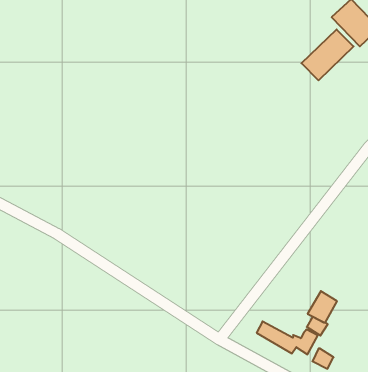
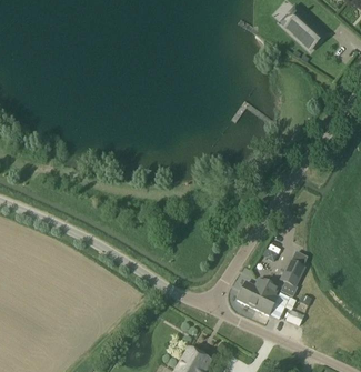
building: [301,29,354,80] -> none
building: none -> [241,278,278,300]

